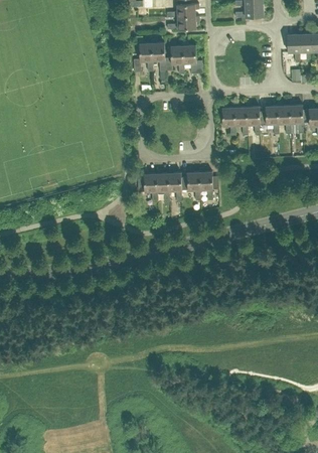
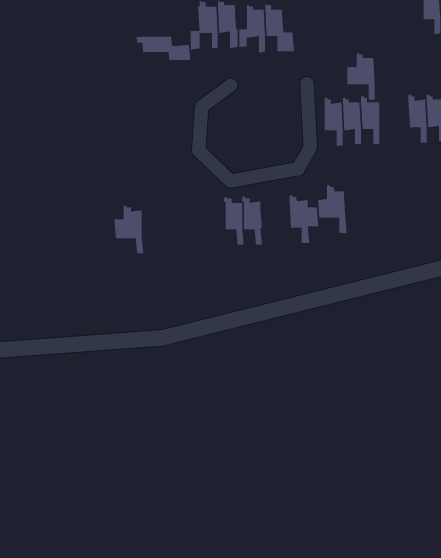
building: none -> [135,36,191,61]
building: [260,104,279,135] -> [347,53,376,100]
building: [181,169,201,201] -> [317,185,348,234]
building: [138,171,158,203] -> [114,205,144,254]

